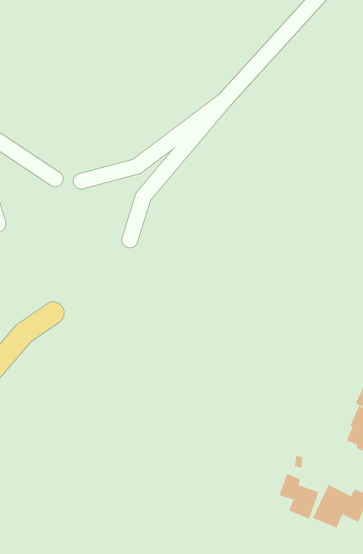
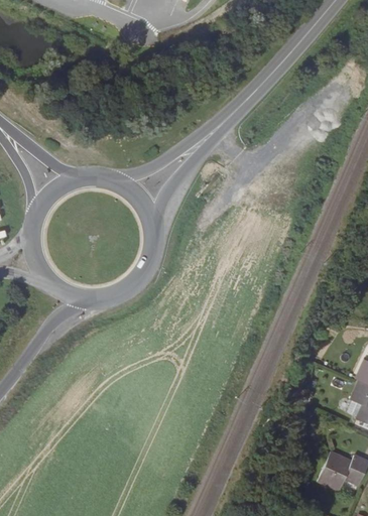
building: [279,473,319,519] -> none

